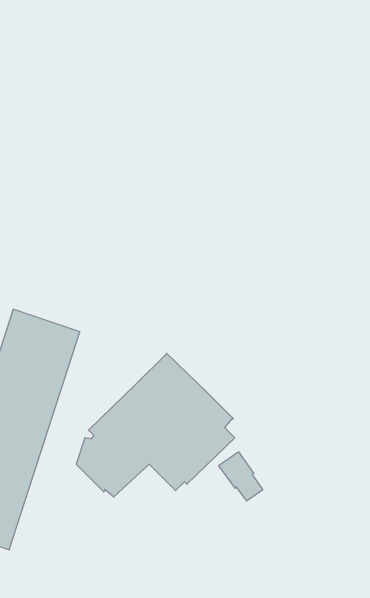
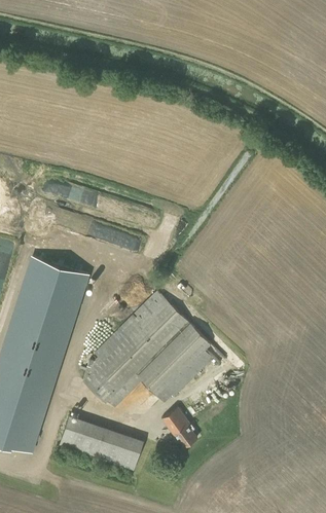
building: [219,452,263,501] -> [162,408,198,448]
building: none -> [60,416,145,471]

